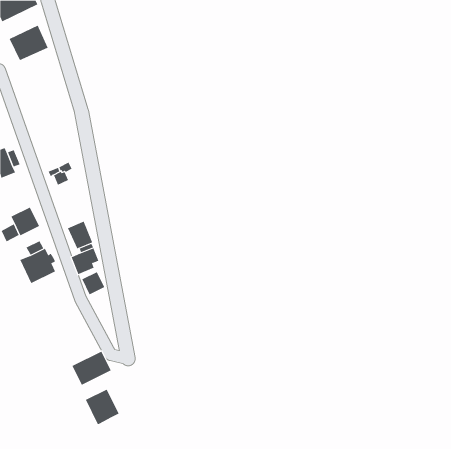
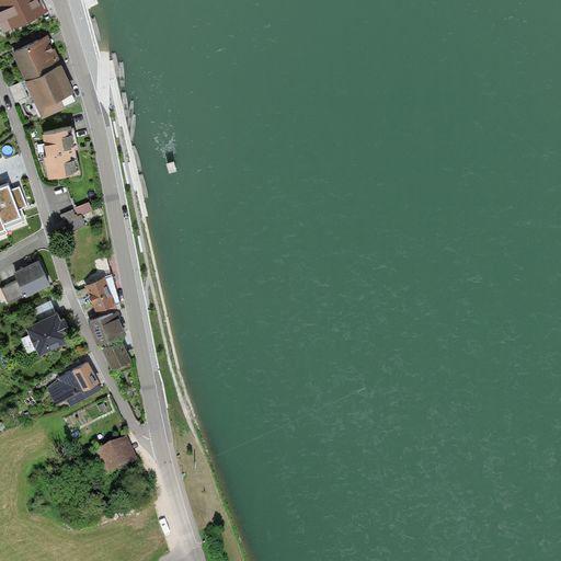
building: none -> [23,62,76,117]
building: none -> [42,124,80,176]
building: none -> [46,360,101,409]
building: [85,389,119,425] -> none

